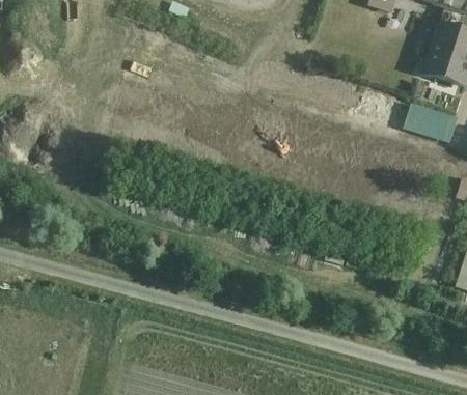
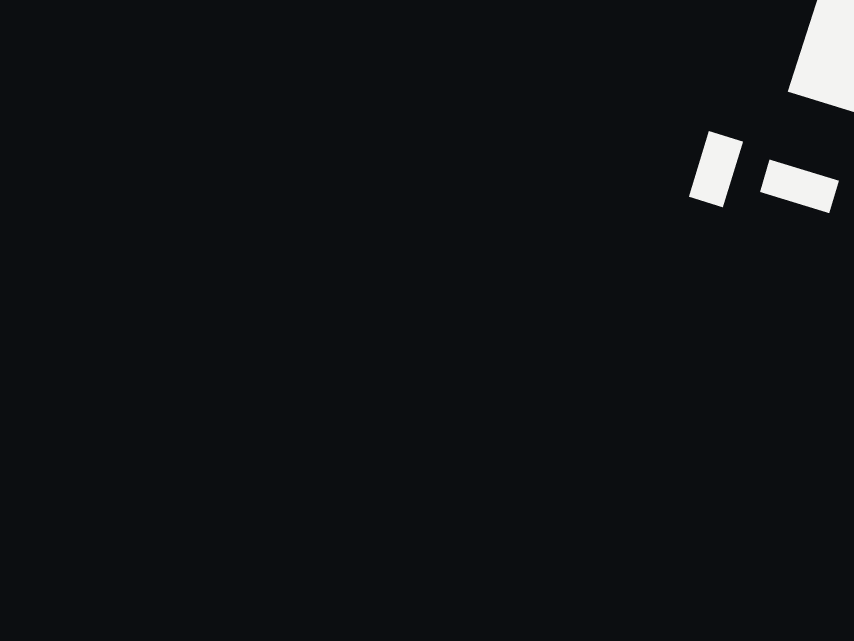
building: none -> [688,130,744,208]

